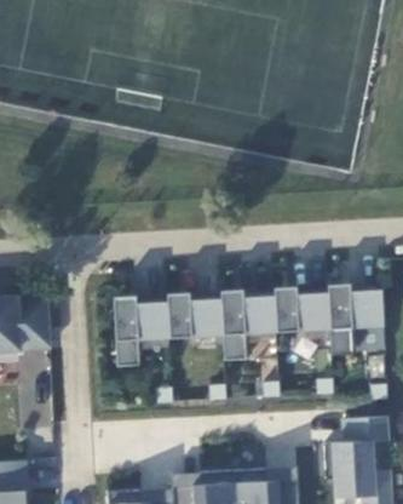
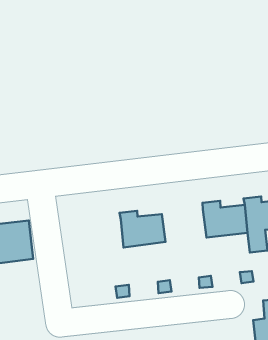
building: [220,290,276,361] -> none
building: [113,296,168,366] -> none

